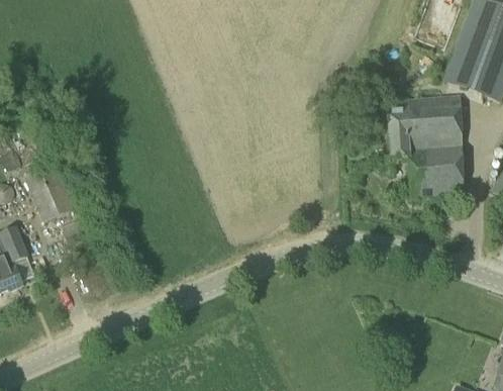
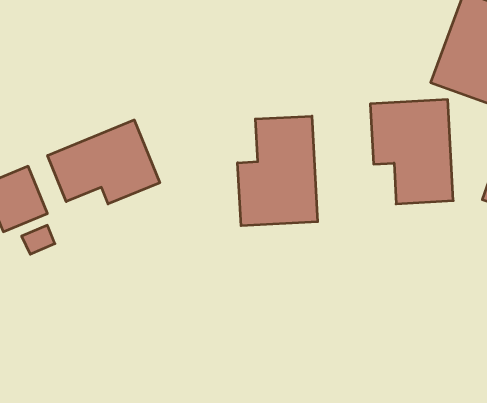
building: none -> [238,116,318,226]
building: none -> [48,120,160,204]

